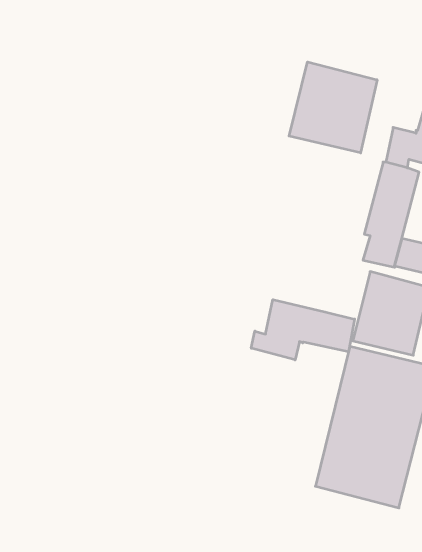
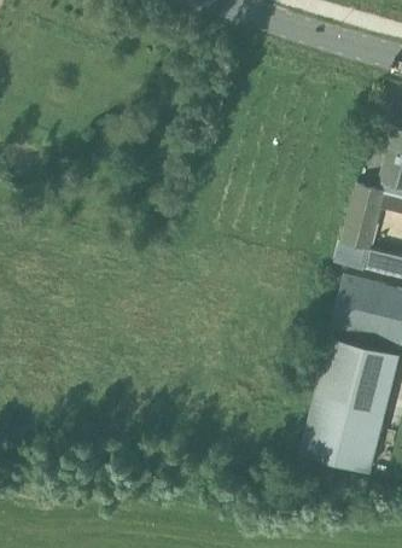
building: [289,62,377,153] -> none
building: [251,300,355,360] -> none

